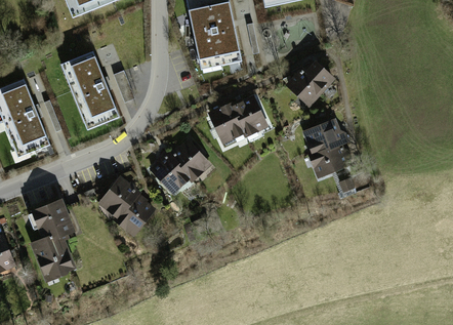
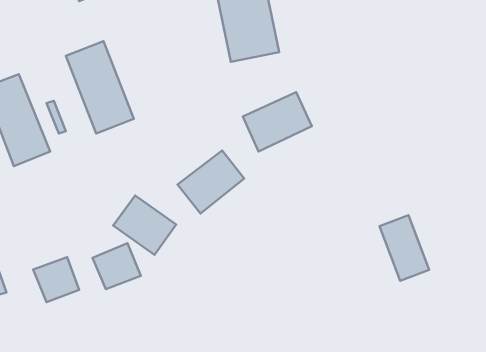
building: [285,60,328,103] -> none
building: [307,120,349,175] -> [380,215,429,281]
building: [34,199,75,238] -> [92,243,141,289]

